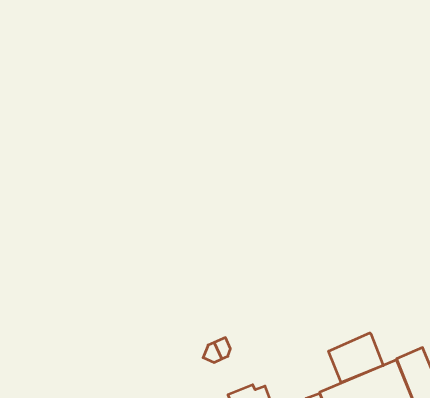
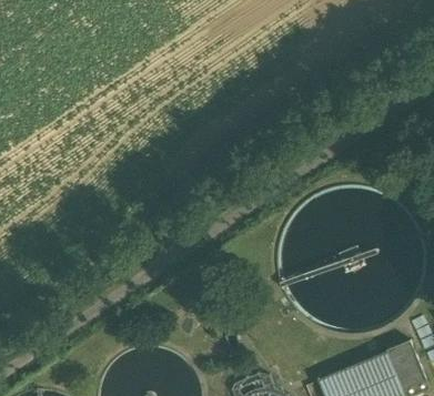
building: [329,333,383,383] -> none

